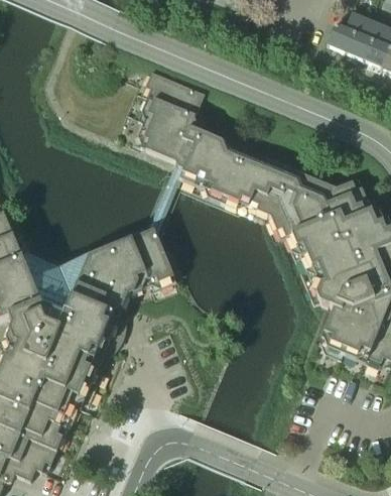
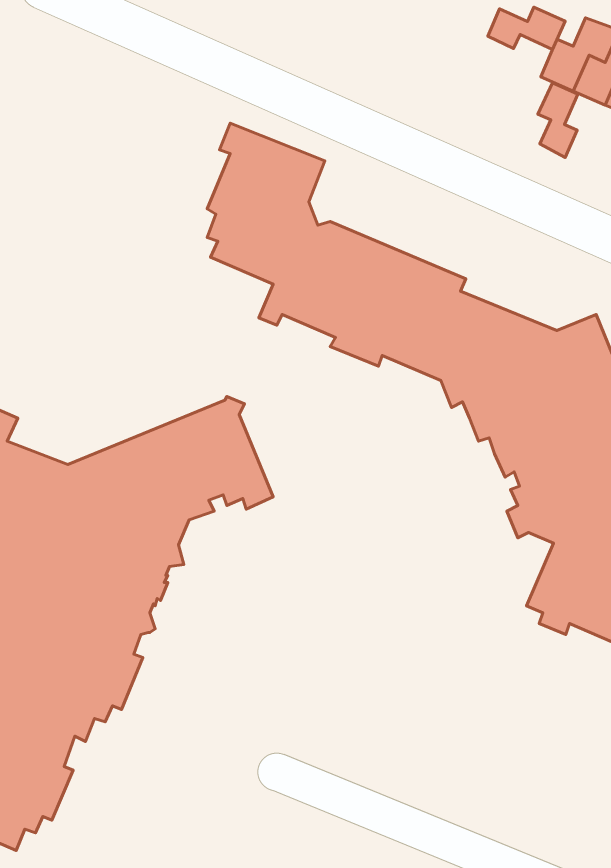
building: none -> [488,7,565,49]
building: none -> [538,83,578,157]

